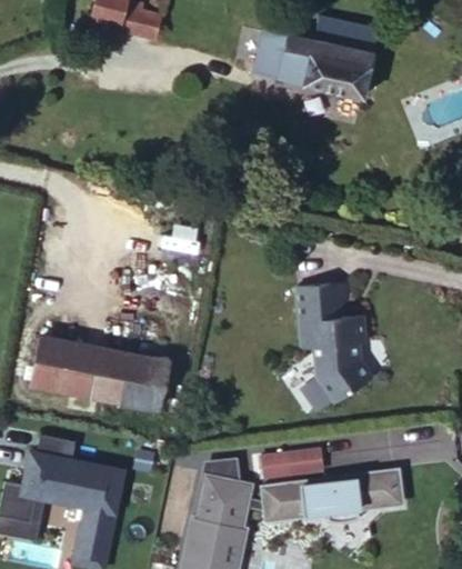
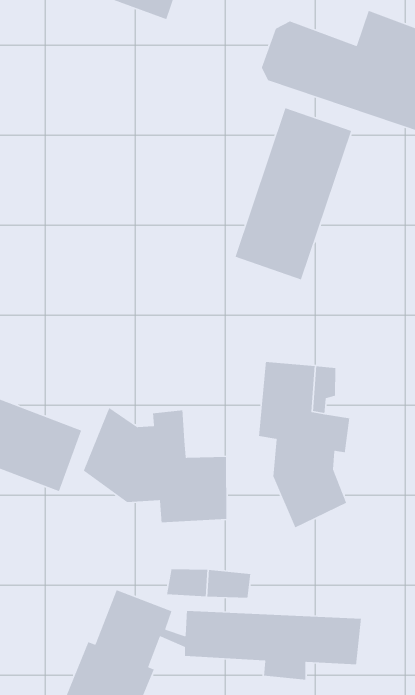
building: none -> [234,107,352,281]
building: none -> [83,407,227,523]

